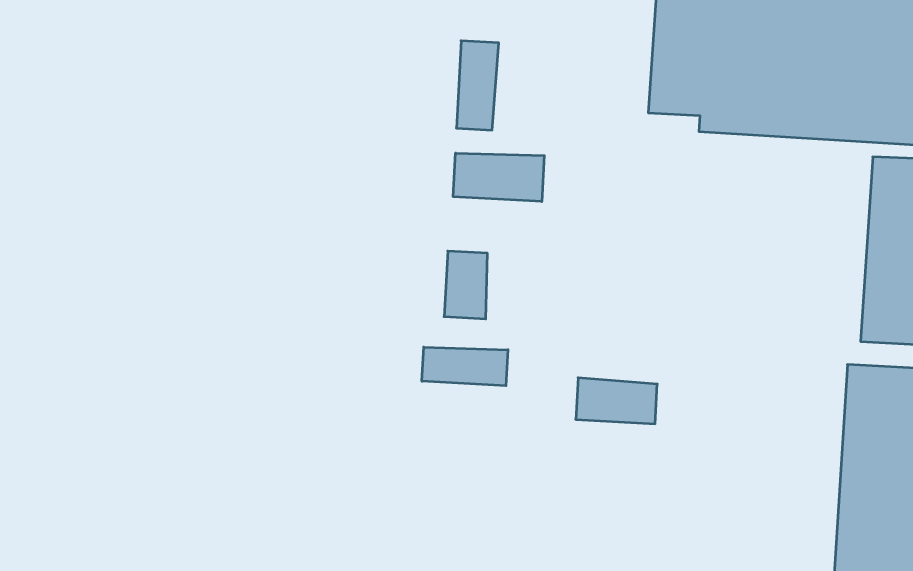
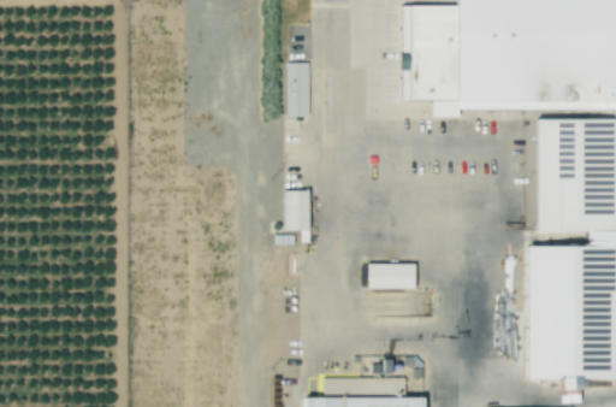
building: [453,153,544,202] -> none
building: [422,347,508,386] -> none

